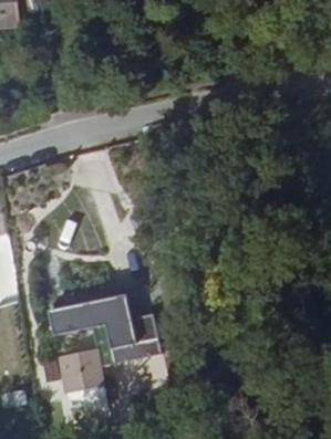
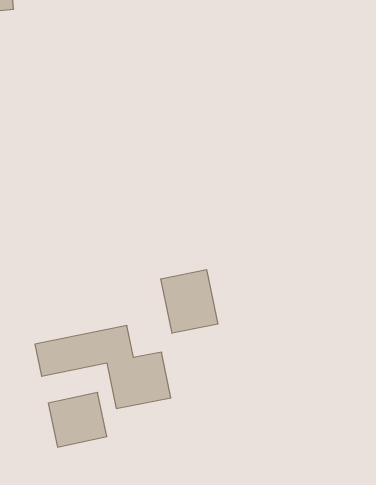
building: none -> [161,270,218,333]

